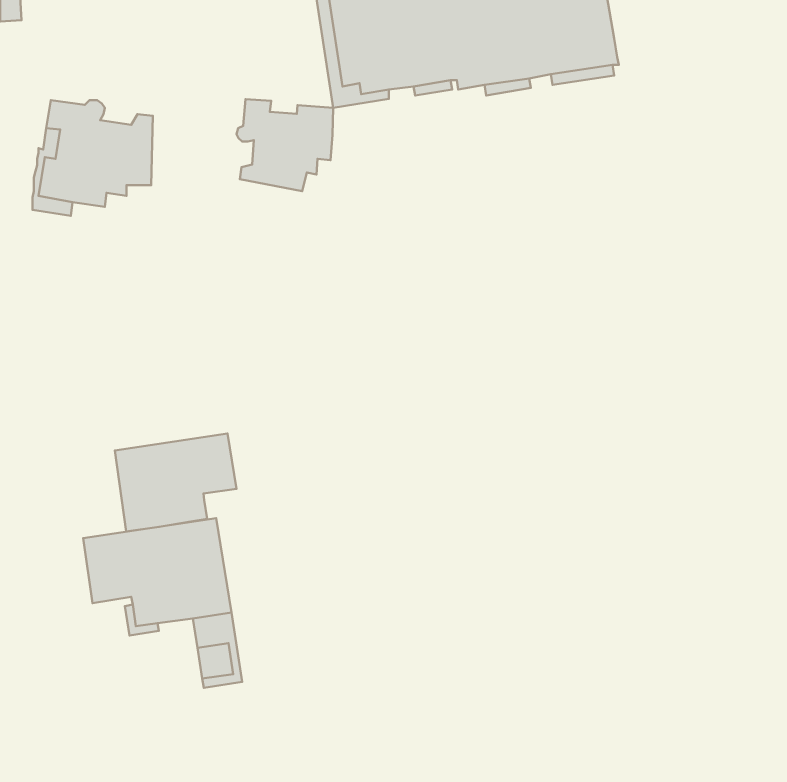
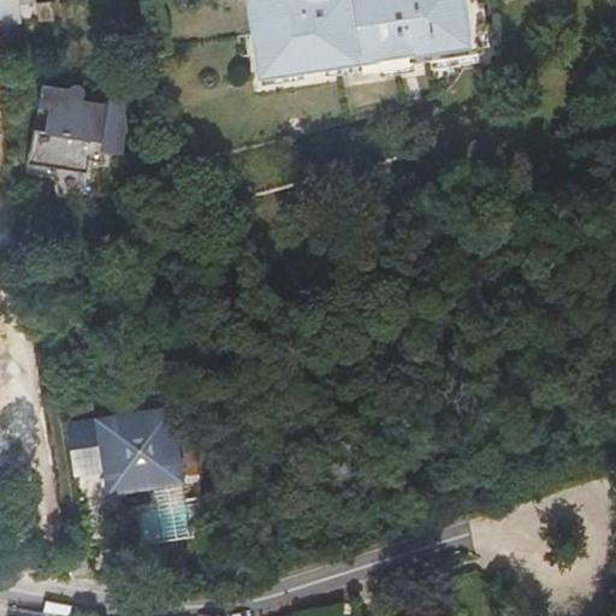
building: [237,99,333,191] -> none
building: [115,434,236,532] -> none

